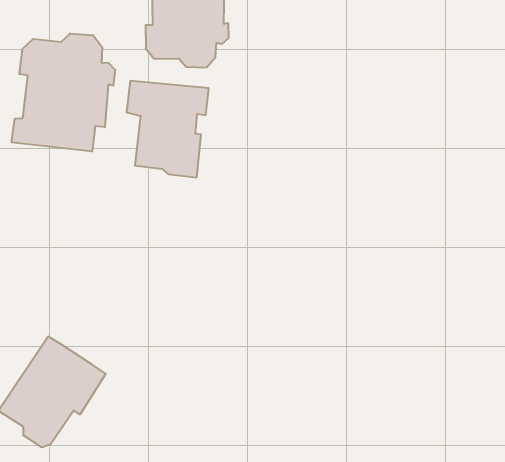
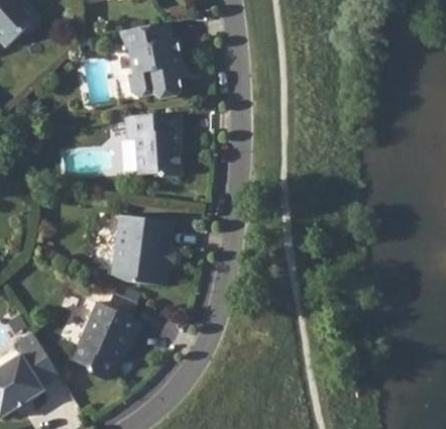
building: [12,33,115,152] -> none
building: none -> [107,213,171,285]

